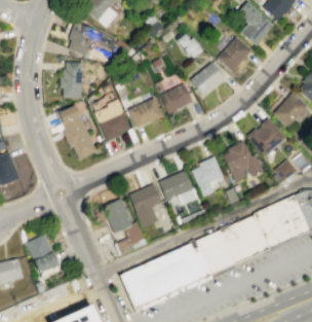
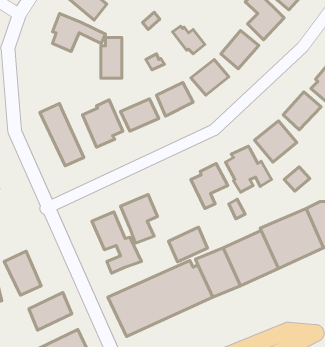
building: [63,61,81,97] -> [101,38,122,78]
building: [158,169,193,200] -> [168,227,208,262]
building: none -> [29,293,72,330]

